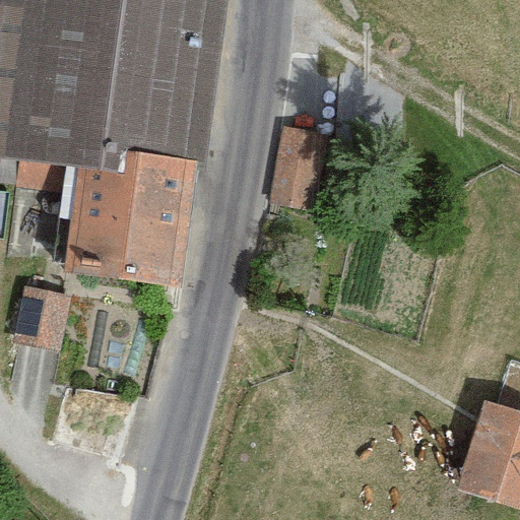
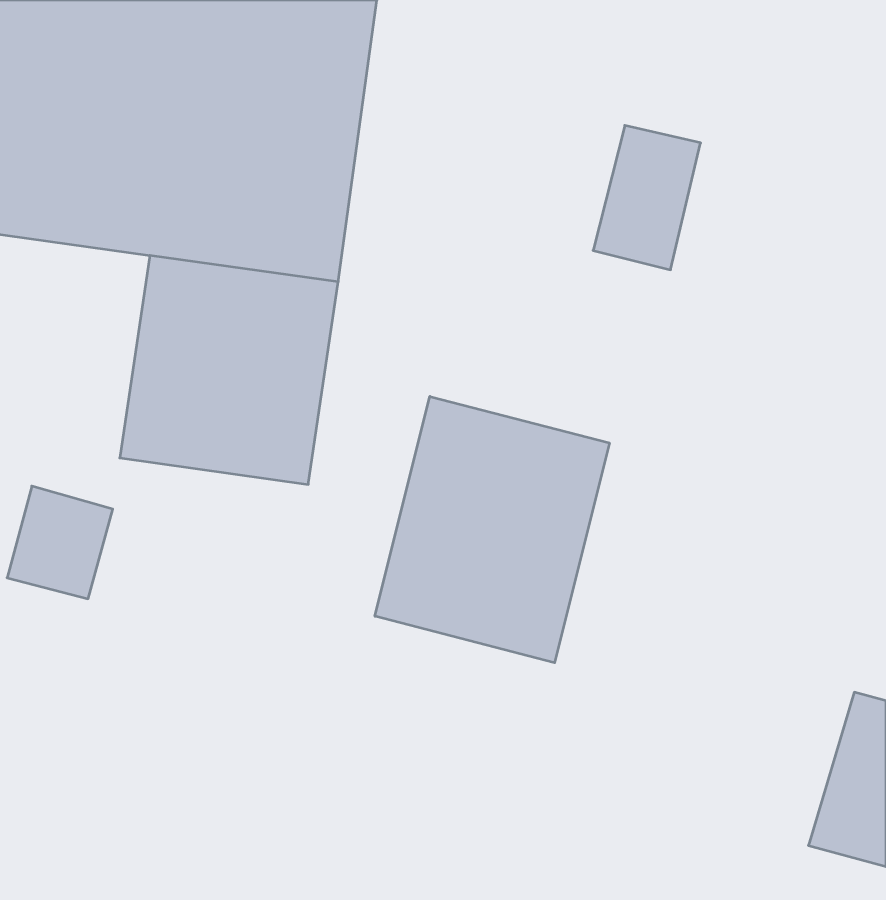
building: [267,130,329,213] -> [593,125,701,270]
building: none -> [375,396,609,663]

